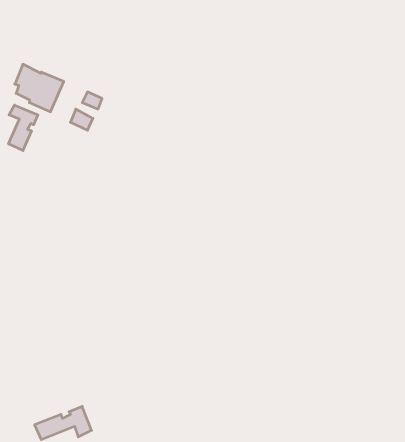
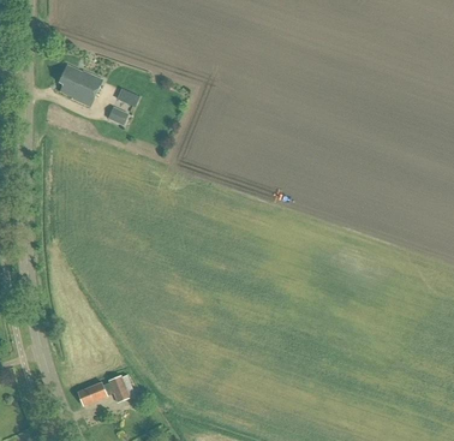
building: [9,105,38,151] -> none

